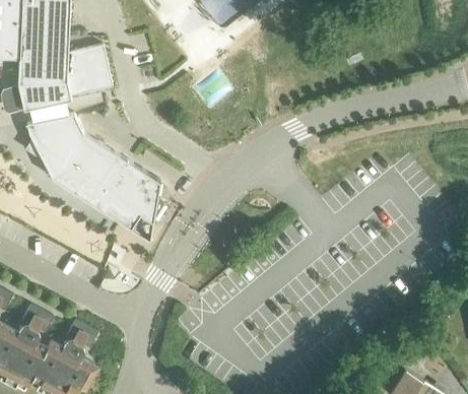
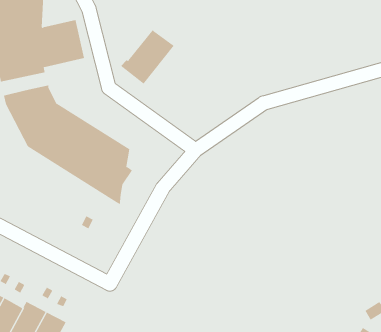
building: none -> [120,29,174,84]

